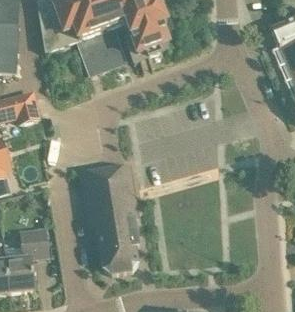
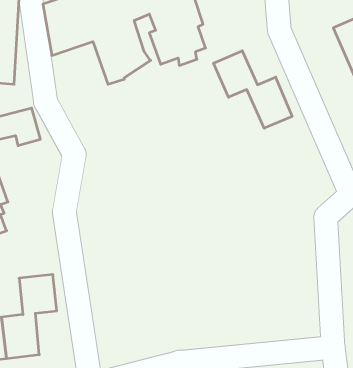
building: none -> [214,51,292,128]
building: [80,165,139,274] -> none

